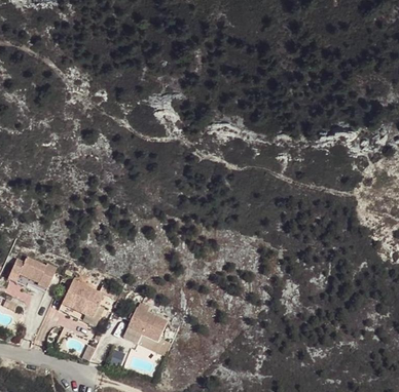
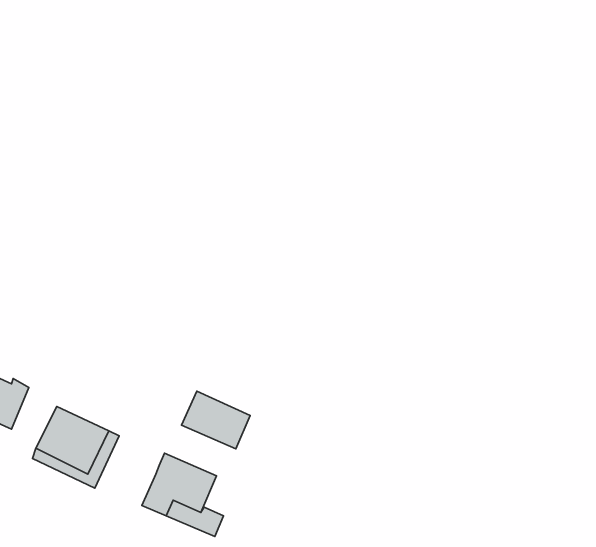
building: none -> [181,391,250,449]

